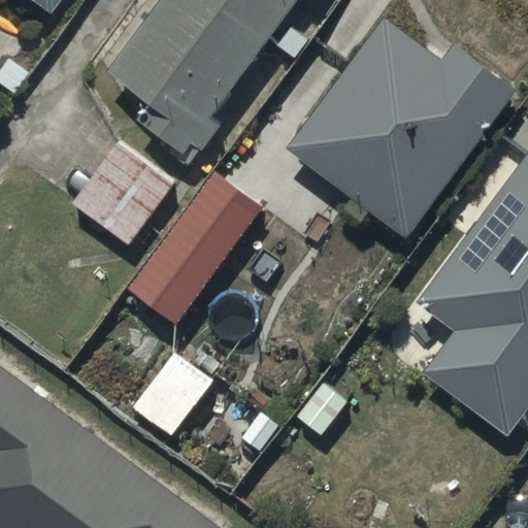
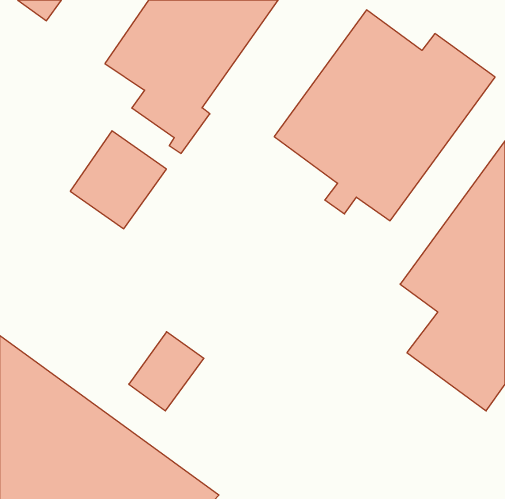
building: [129,174,260,324] -> none

